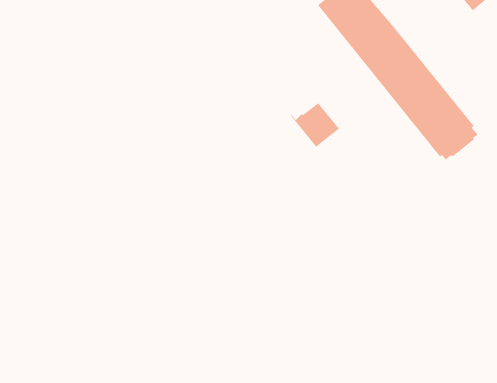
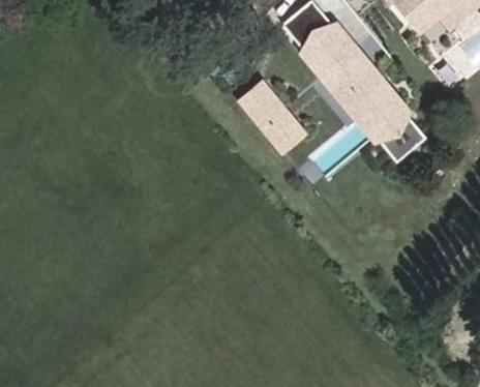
building: none -> [243,82,286,124]

